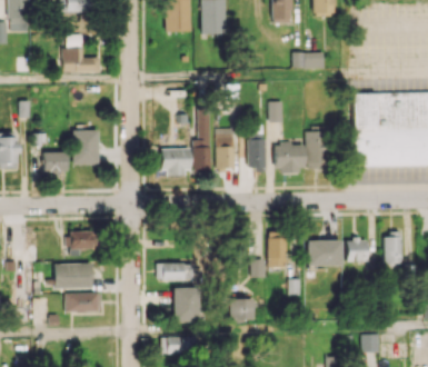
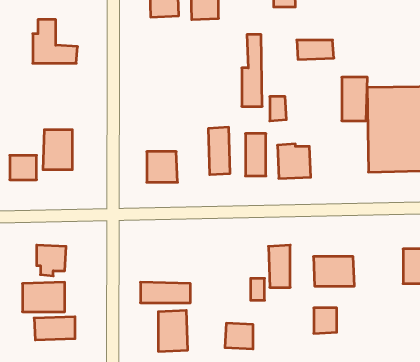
building: [195,110,212,172] -> [242,35,262,106]
building: [307,131,329,169] -> [342,77,367,121]
building: [348,239,368,261] -> [314,308,337,333]

